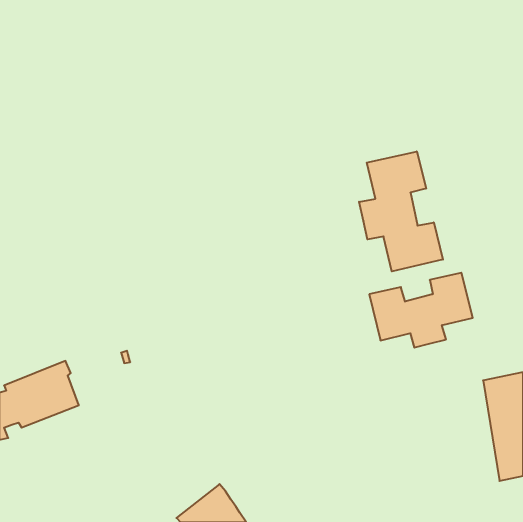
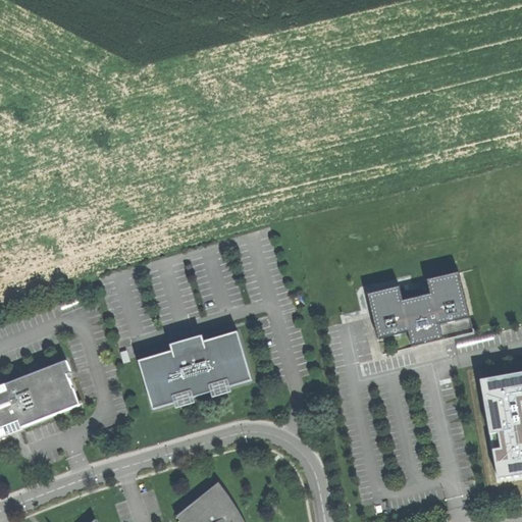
building: [359,151,443,271] -> none
building: none -> [138,330,252,408]

